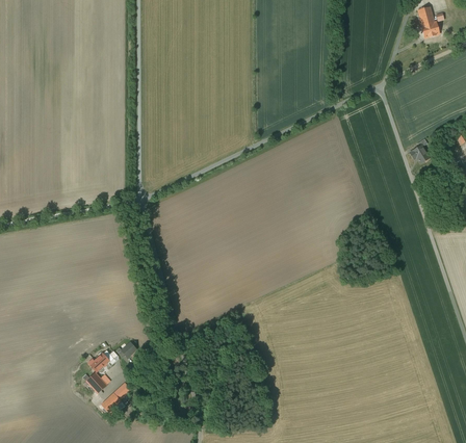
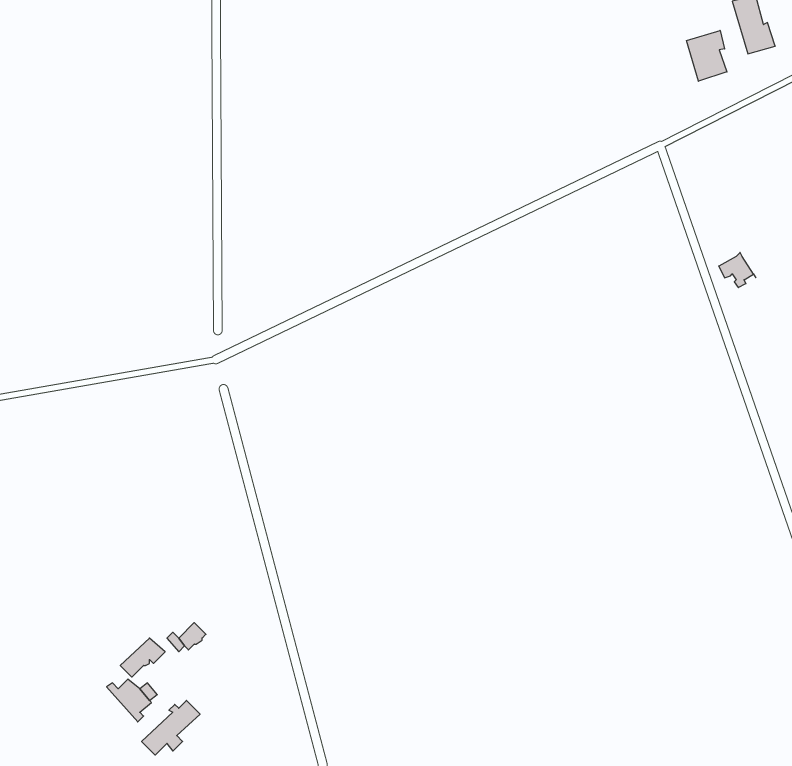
building: none -> [686,30,727,81]

